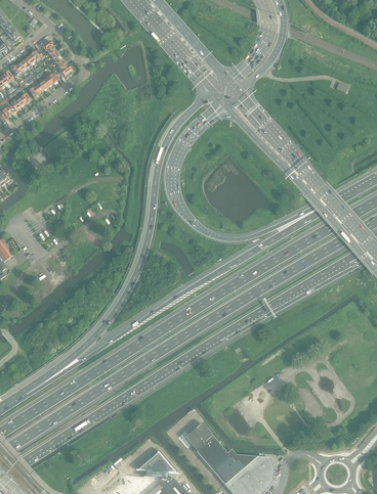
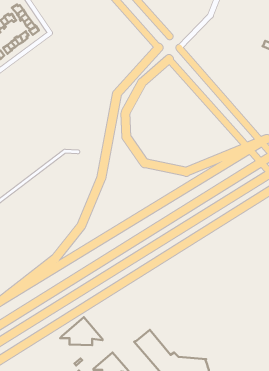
building: none -> [60,317,103,345]

